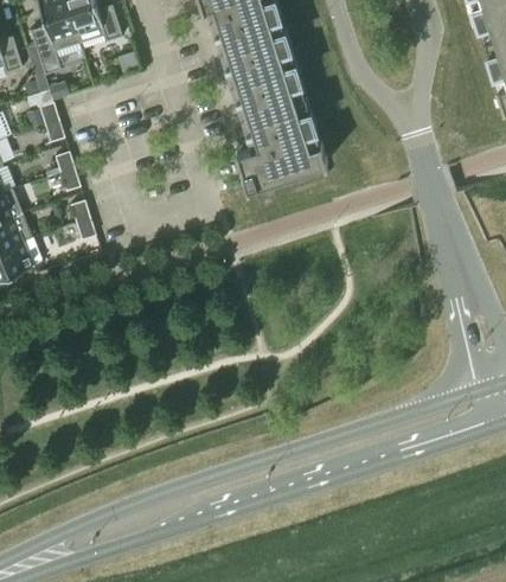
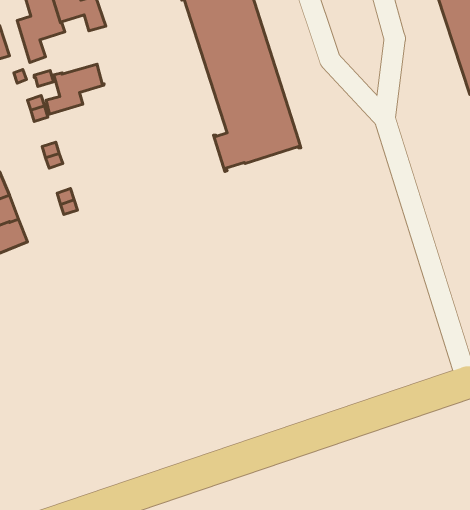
building: none -> [46,64,104,114]

